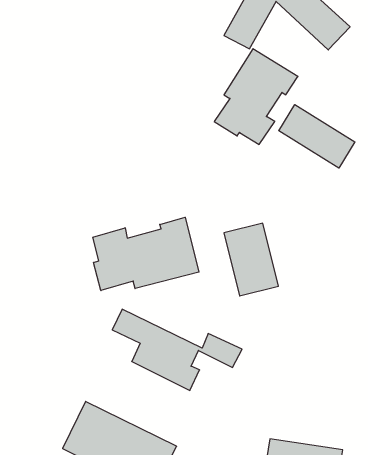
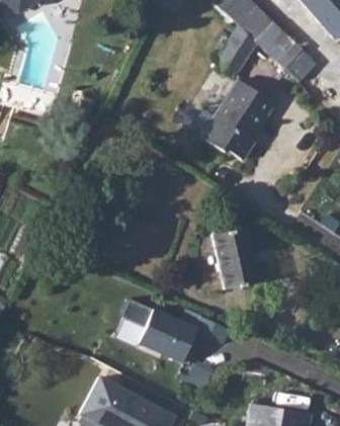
building: [279,105,355,168] -> none
building: [93,217,199,291] -> none

